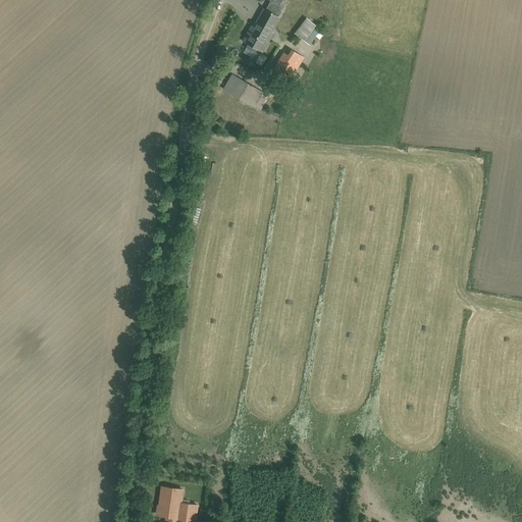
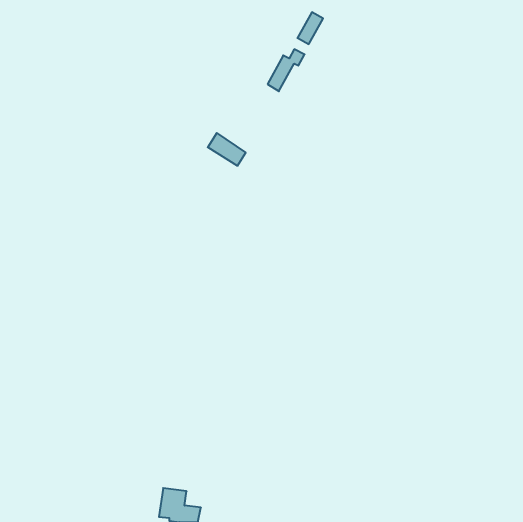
building: [245,9,277,51] -> none
building: [222,73,260,106] -> [208,133,246,166]

